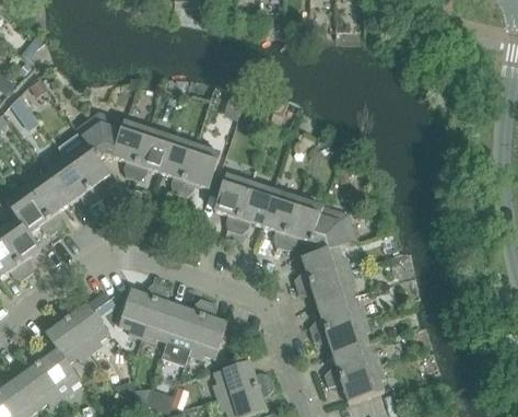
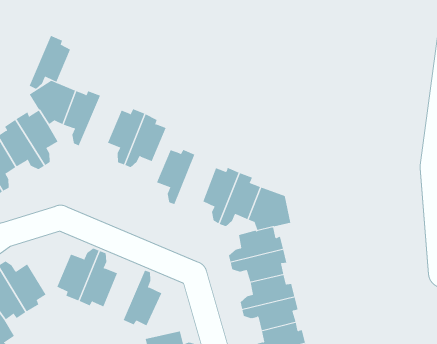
building: [132,125,173,182] -> [29,35,71,89]
building: [235,178,274,234] -> none
building: [169,299,209,355] -> none

